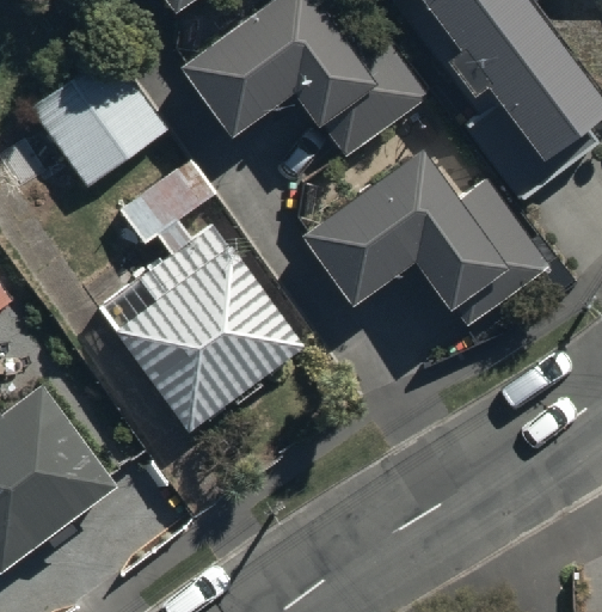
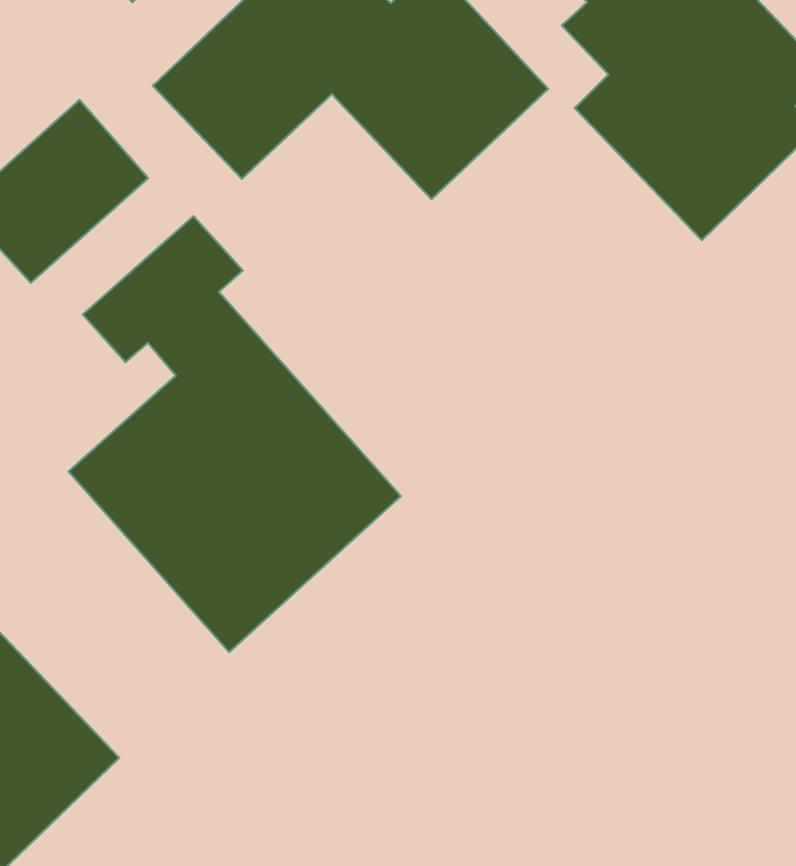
building: [301,151,551,329] -> none

